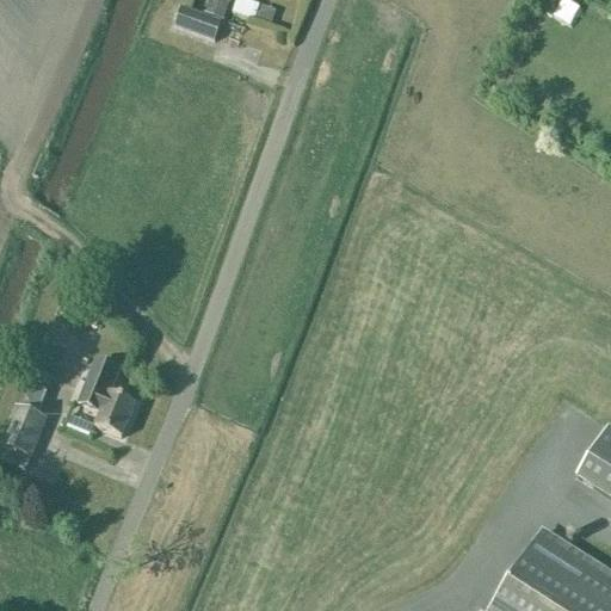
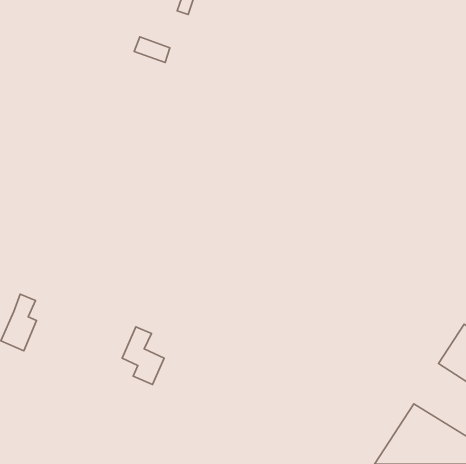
building: [177,6,223,39] -> [134,37,170,62]
building: [81,363,136,438] -> [122,327,164,385]

